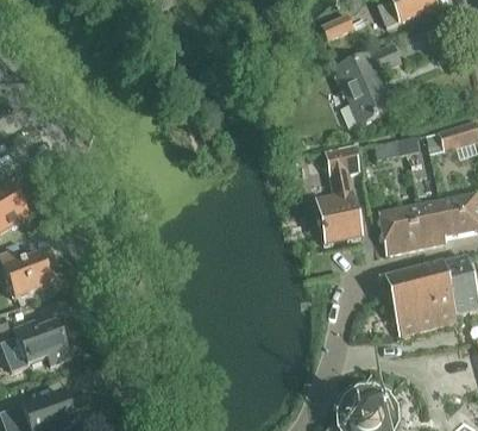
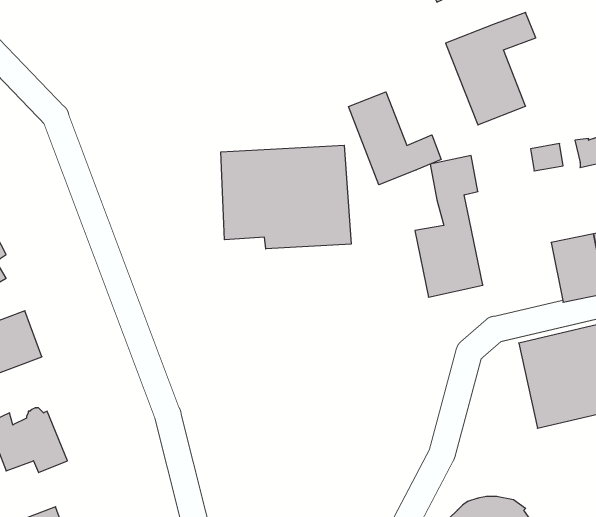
building: none -> [348,92,441,185]
building: none -> [221,145,351,249]
building: [379,204,417,251] -> none

